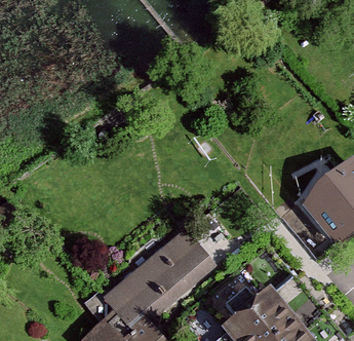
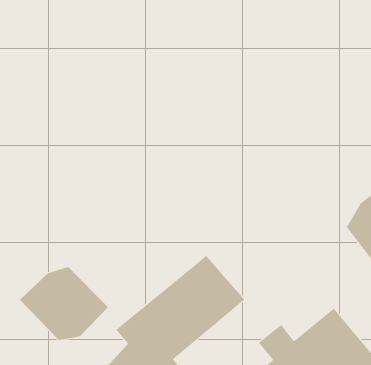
building: none -> [19,266,109,341]

